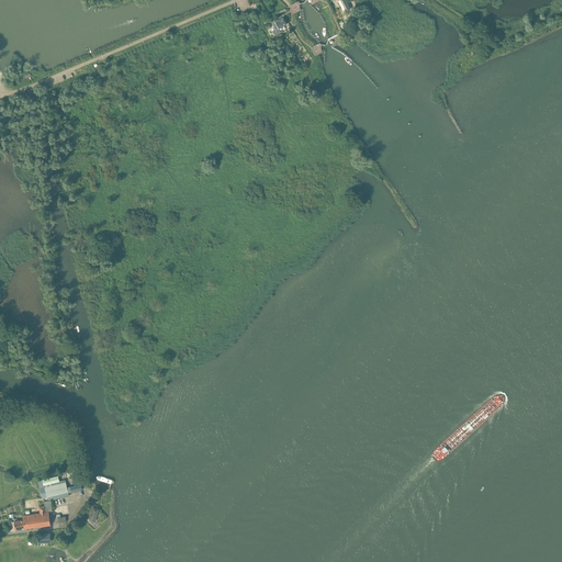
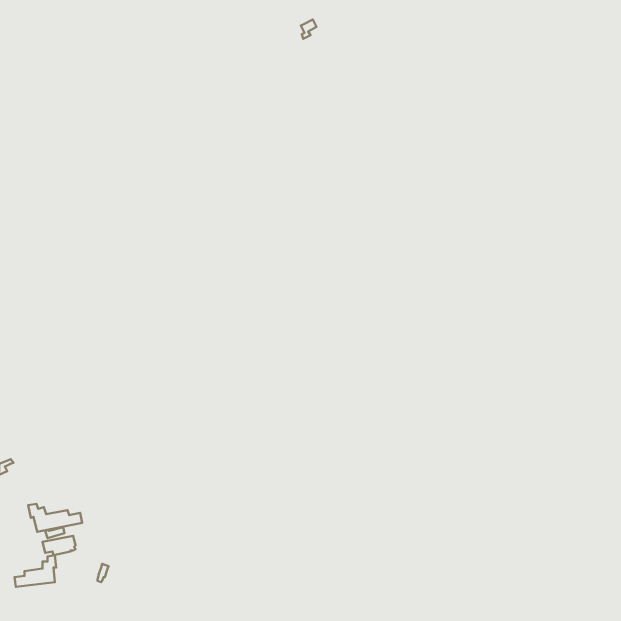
building: none -> [28,504,82,532]

